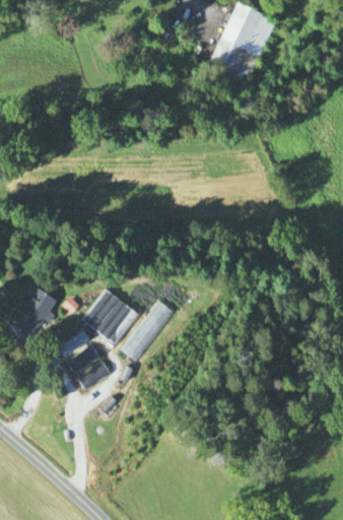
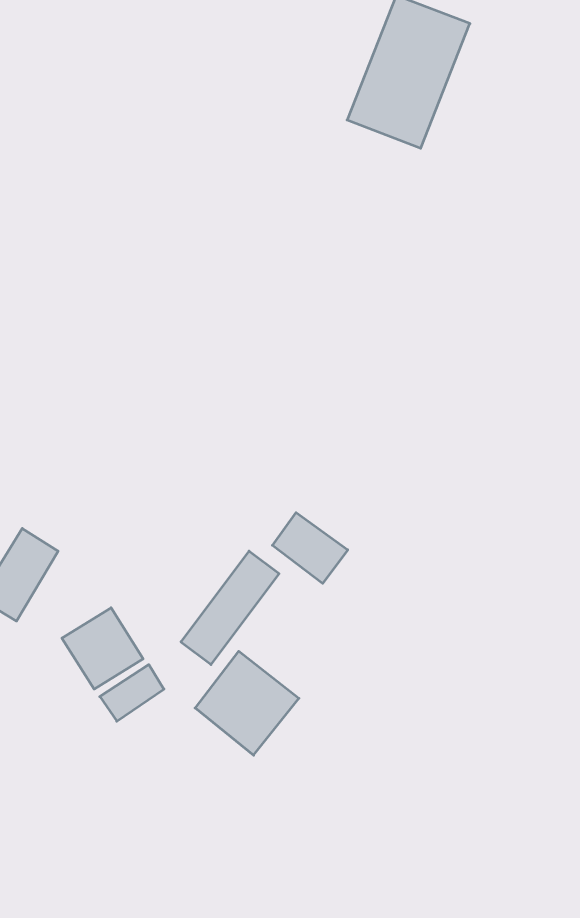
building: none -> [272,513,348,583]
building: [82,288,138,344] -> [195,651,299,755]

